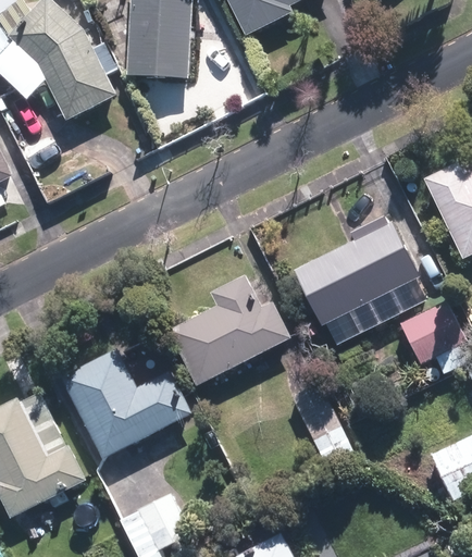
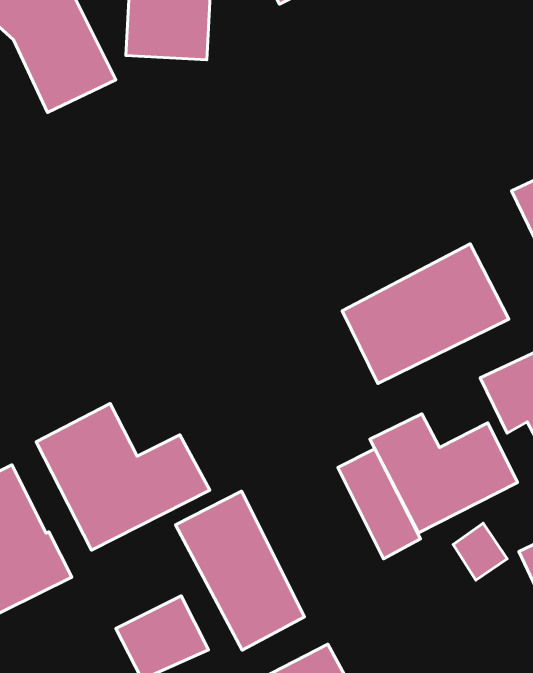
building: [167,271,290,383] -> none
building: none -> [370,414,518,533]
building: none -> [176,491,304,650]

